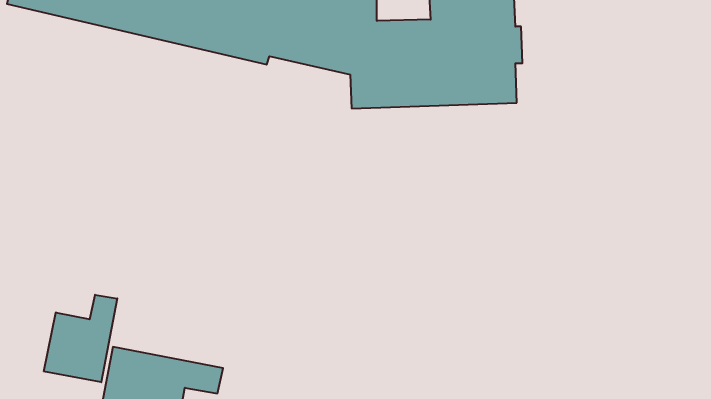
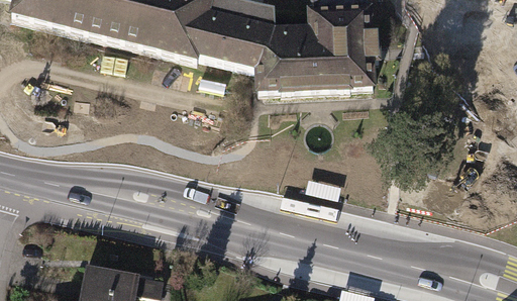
building: [44,295,117,382] -> none

